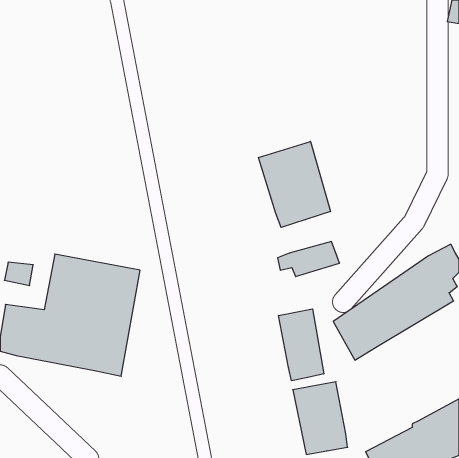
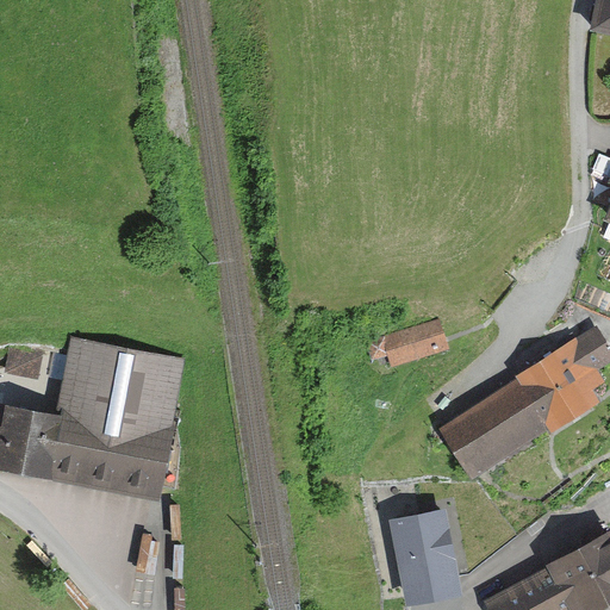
building: [259,141,330,227] -> none
building: [279,309,324,381] -> none

